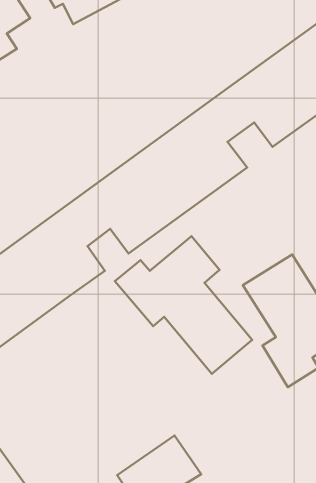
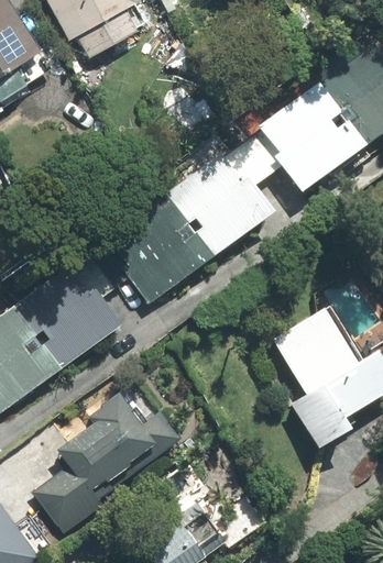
building: [115,236,252,374] -> none
building: none -> [33,391,182,532]

